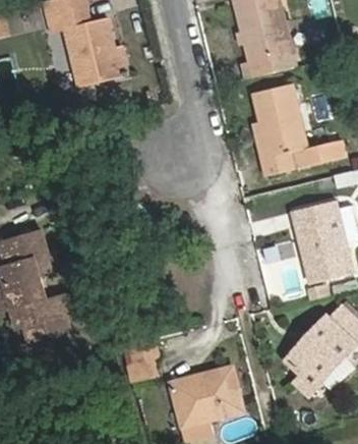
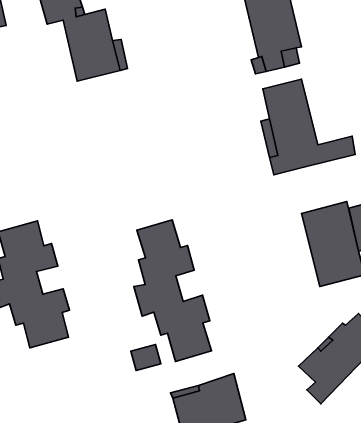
building: none -> [134,220,211,362]

